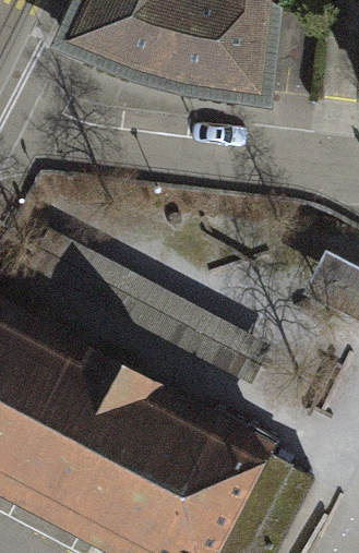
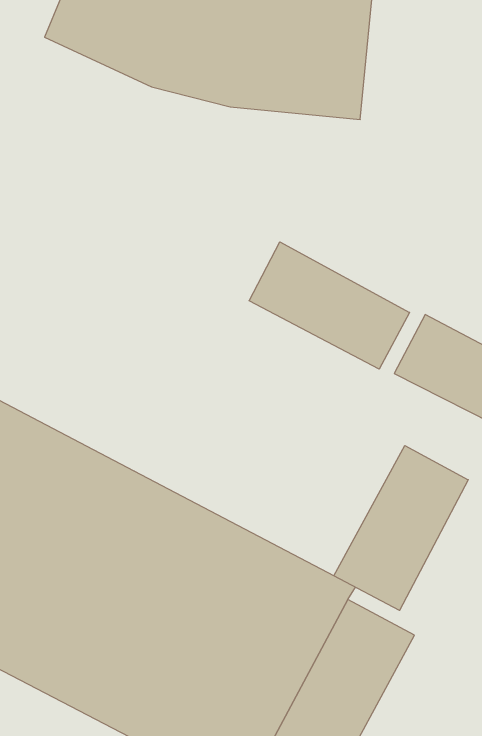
building: none -> [249,242,410,369]
building: none -> [334,446,468,610]

